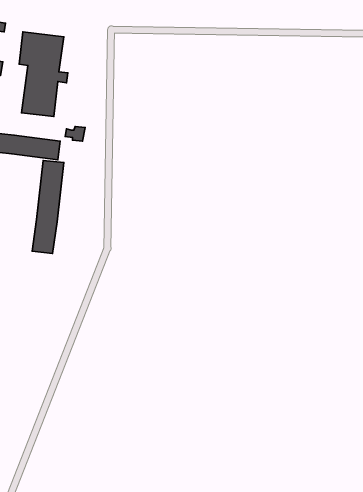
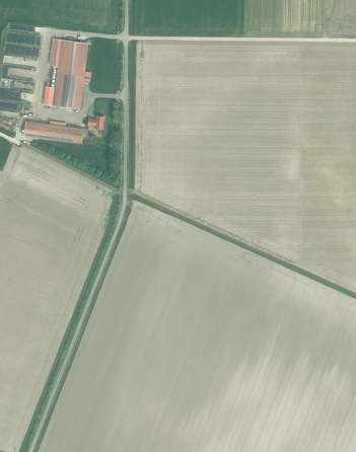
building: [32,160,64,253] -> none

